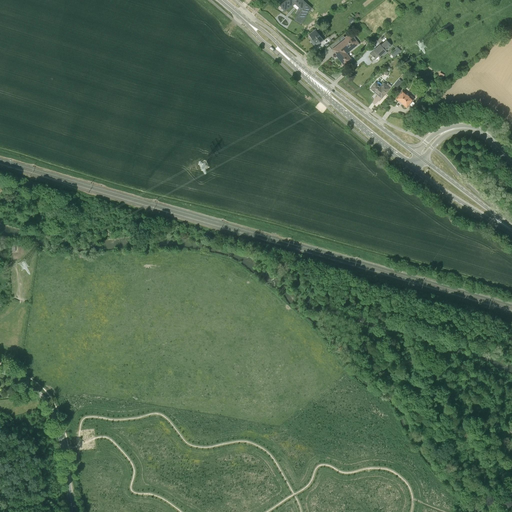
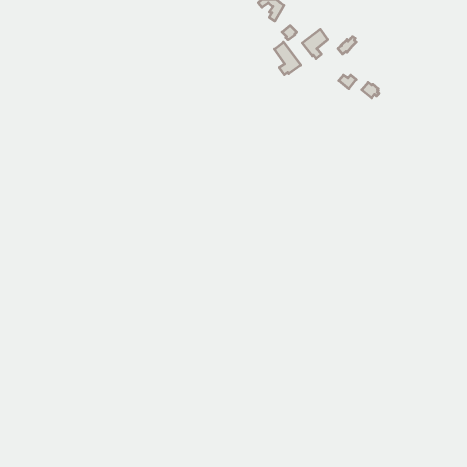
building: none -> [274,42,301,75]

